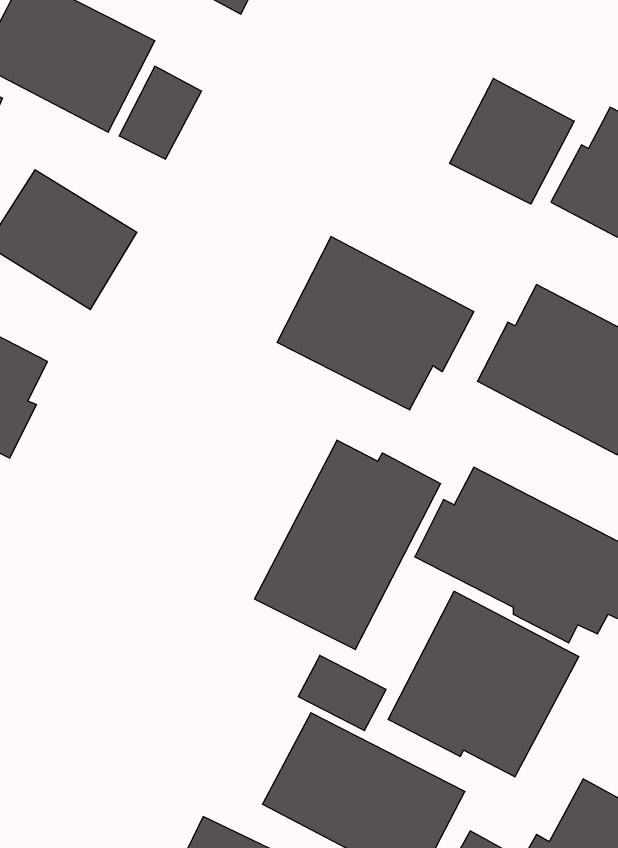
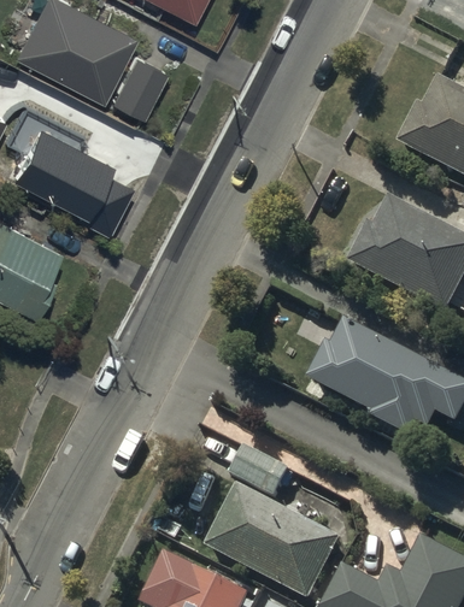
building: [450,78,574,204] -> none
building: [277,236,474,410] -> none
building: [255,440,441,650] -> none
building: [388,591,579,777] -> none

